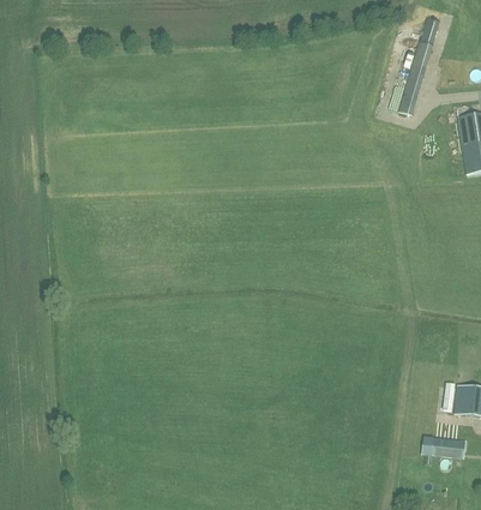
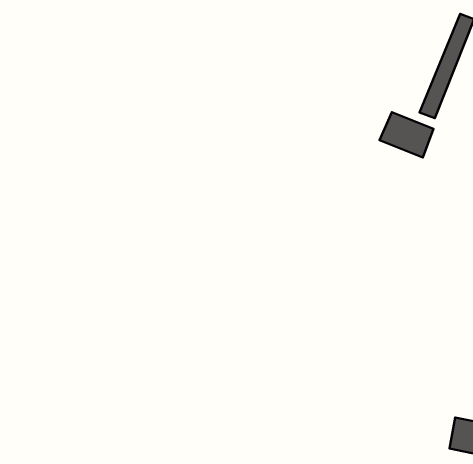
building: none -> [380,112,434,157]

